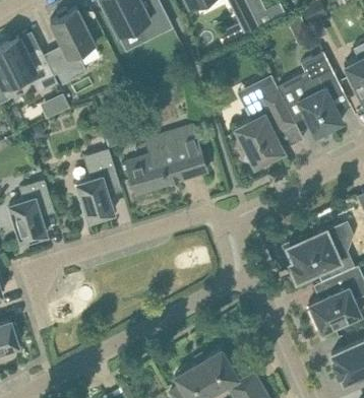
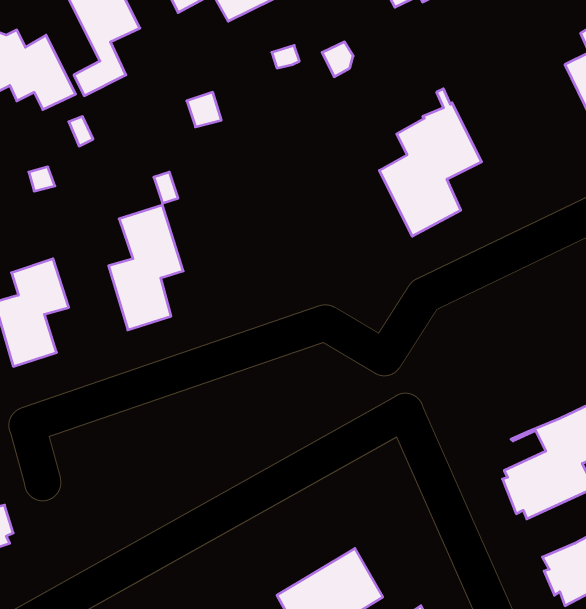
building: [297,53,342,136] -> none
building: [126,127,206,194] -> none
building: [283,224,347,282] -> none

